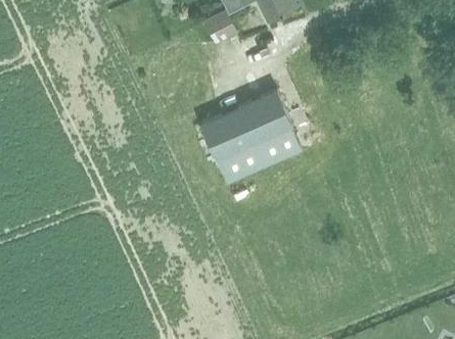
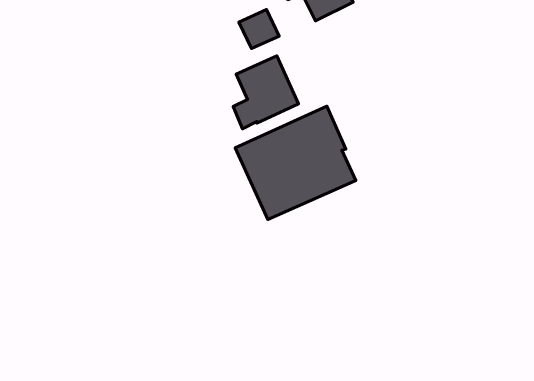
building: none -> [233,56,299,129]

